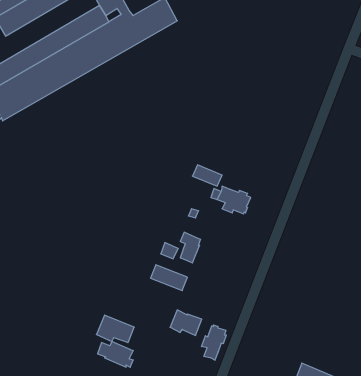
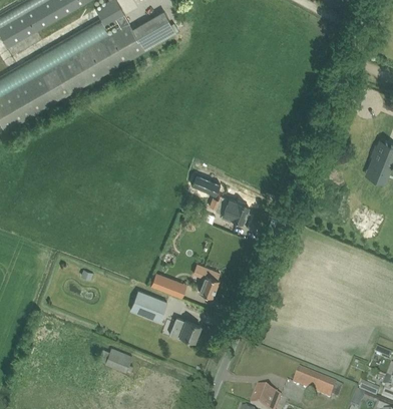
building: [180,232,201,263] -> [200,267,220,297]
building: [96,315,134,343] -> [130,290,167,317]
building: [202,325,226,360] -> none

